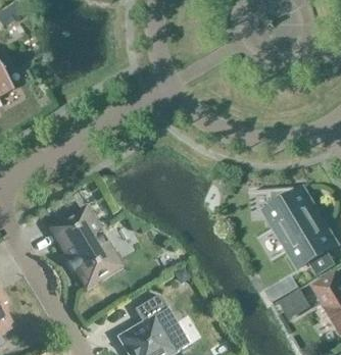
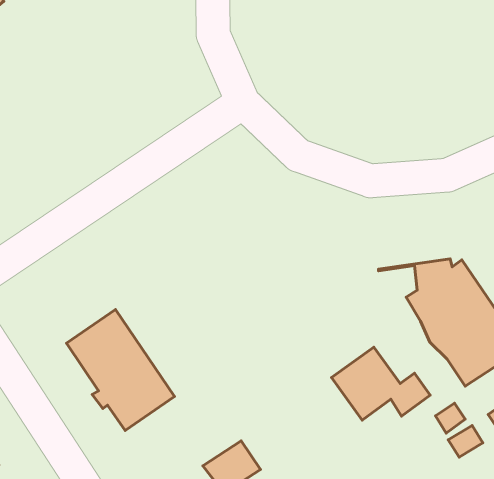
building: none -> [332,347,430,420]

